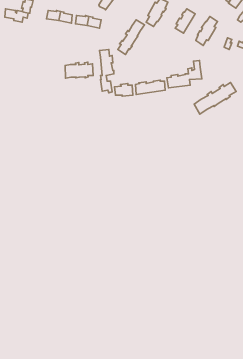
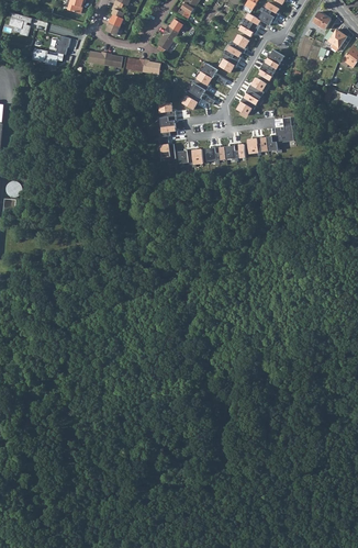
building: [196,17,217,46] -> [237,78,266,116]
building: [65,62,93,78] -> none
building: [194,83,236,114] -> none

